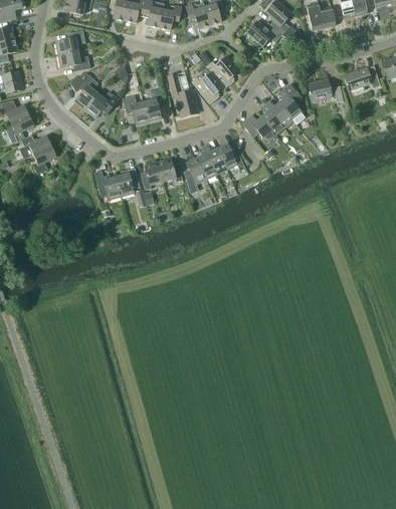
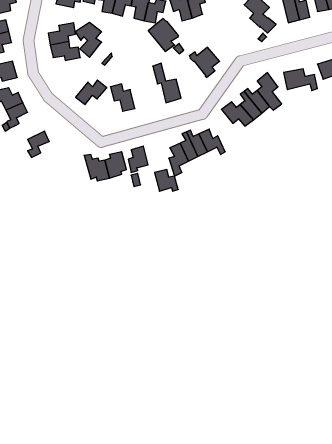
building: [245,20,281,46] -> none
building: [191,68,223,103] -> [148,19,178,51]
building: [69,72,97,109] -> [75,23,102,57]
building: [143,88,163,121] -> none
building: [18,135,51,159] -> none
building: [157,159,182,182] -> [155,170,178,191]

